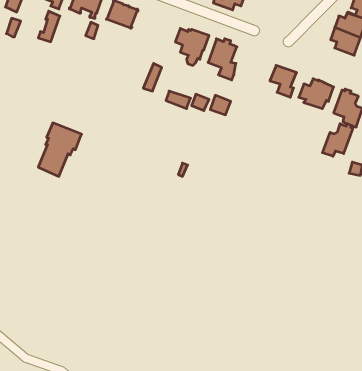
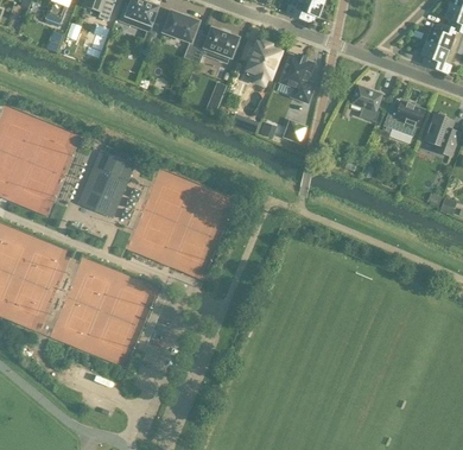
building: none -> [190,28,237,64]
building: [322,124,353,156] -> none

